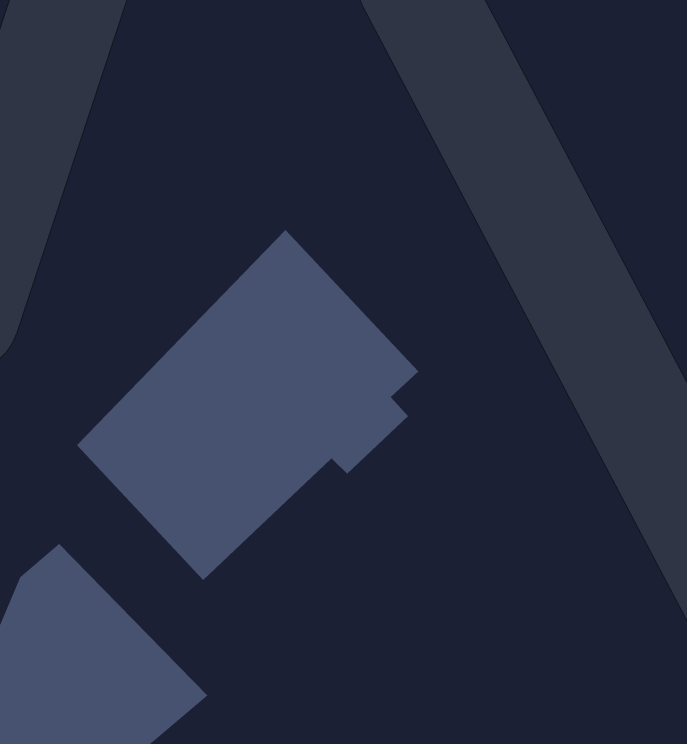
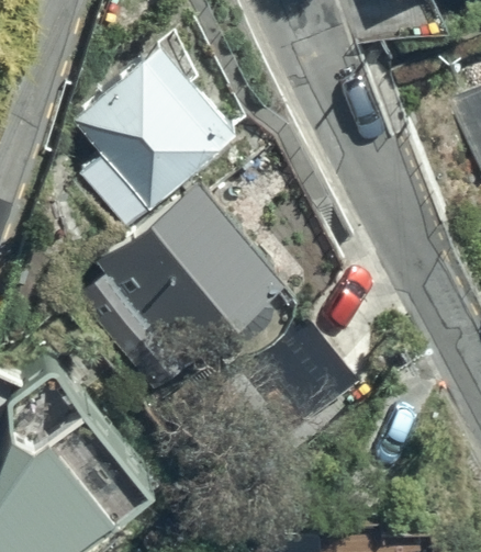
building: none -> [70,41,234,225]

